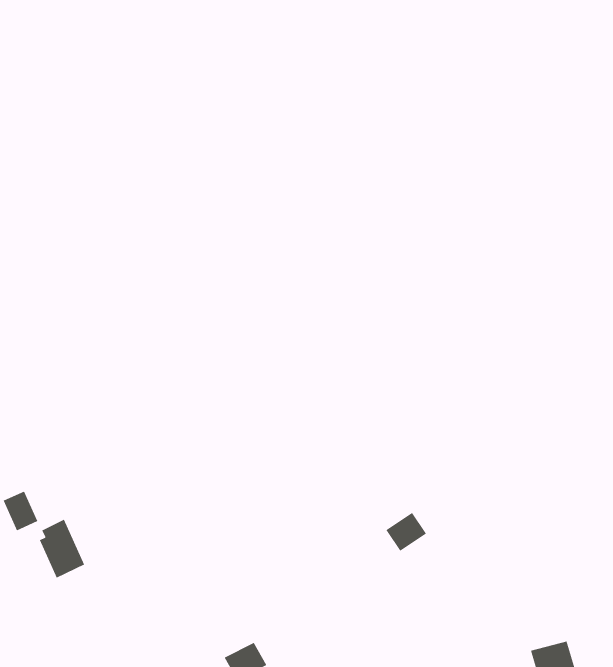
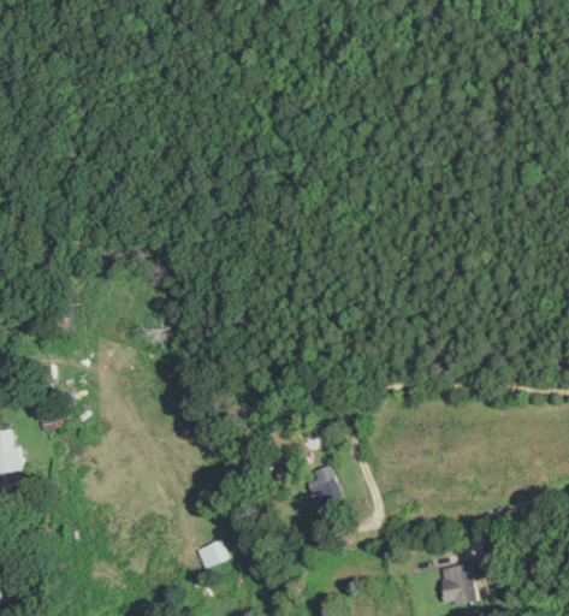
building: [385,512,427,551] -> [307,474,339,504]
building: [39,519,85,579] -> none

